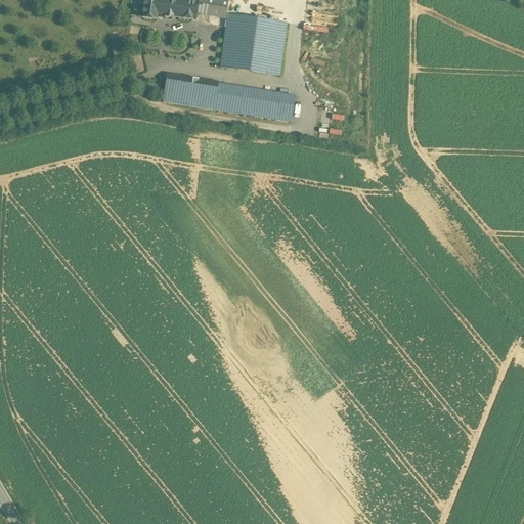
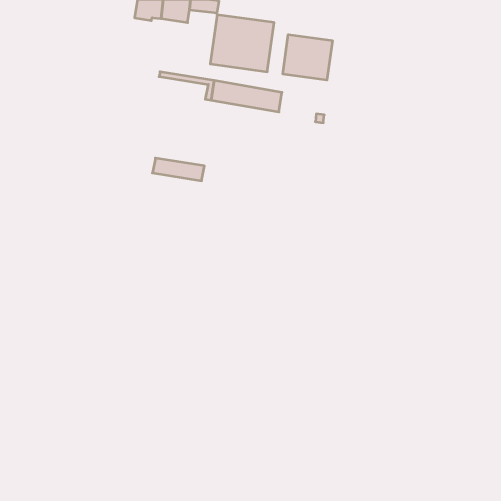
building: none -> [283,35,332,80]
building: [163,80,217,103] -> [152,158,204,181]

